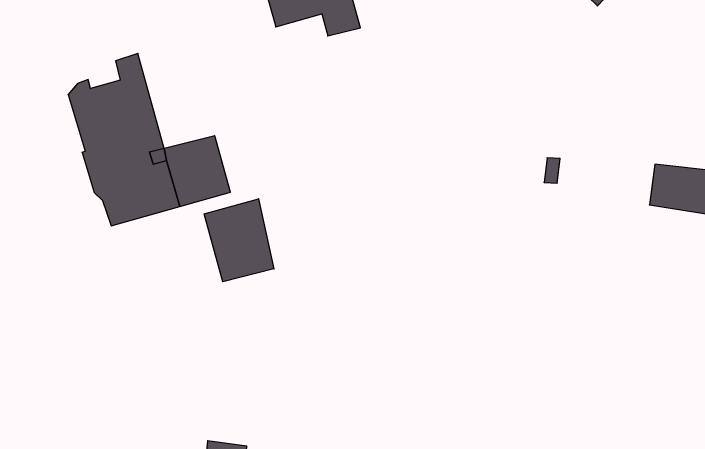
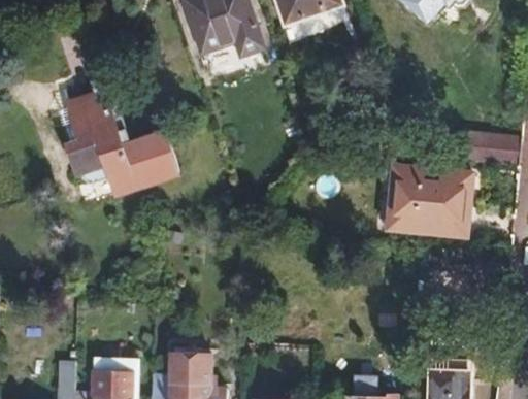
building: [204,199,274,282] -> none
building: none -> [385,169,468,235]

